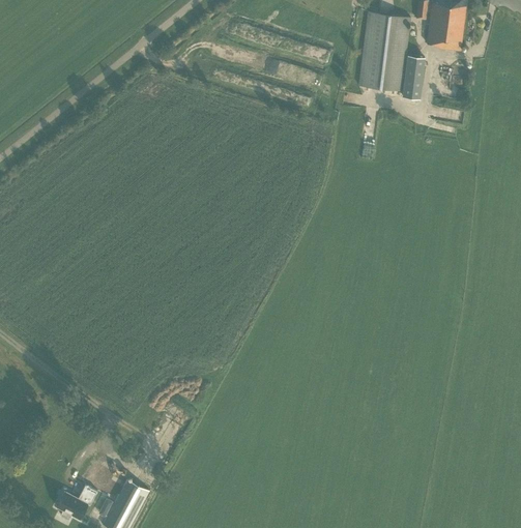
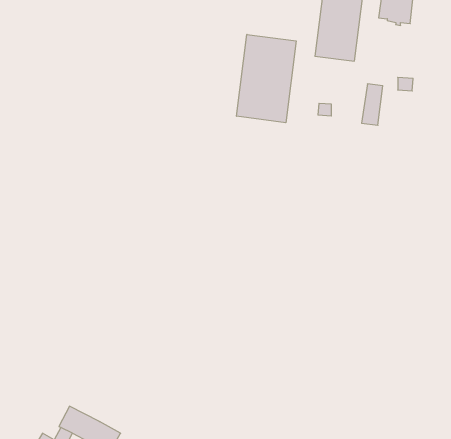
building: [401,56,424,100] -> [362,84,383,125]
building: none -> [237,34,296,123]

